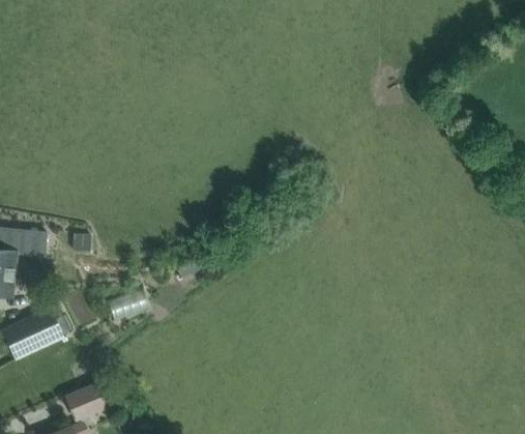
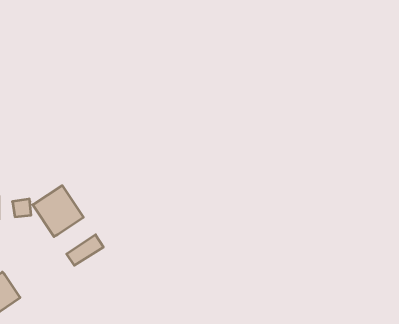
building: none -> [33,186,83,237]

